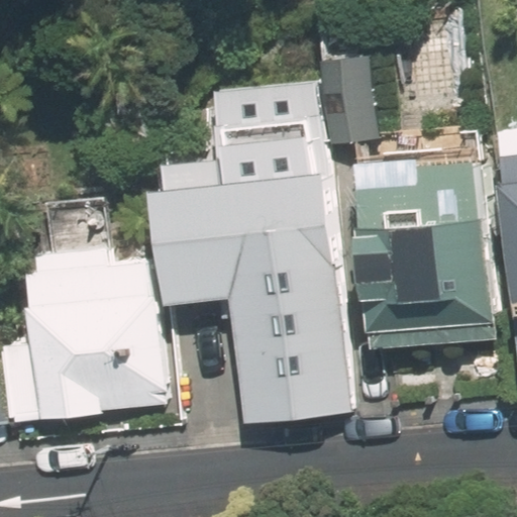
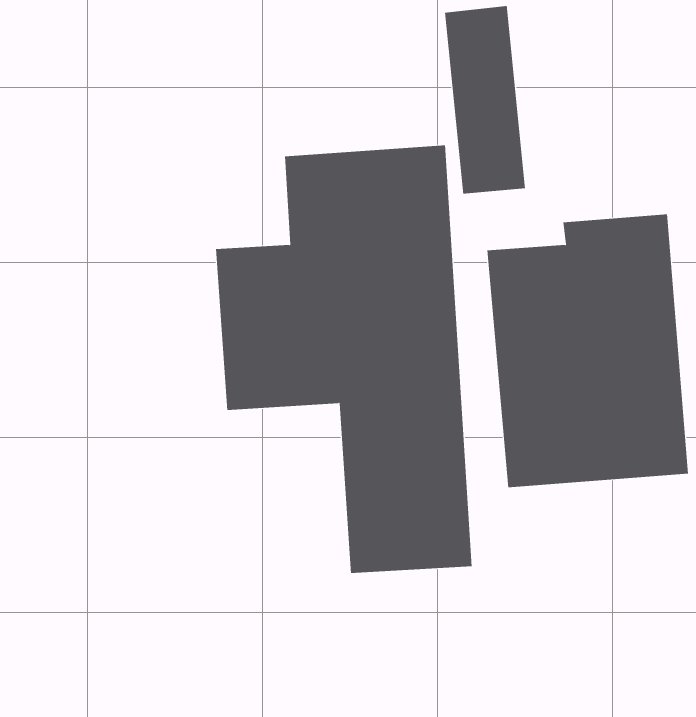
building: [23,237,154,417] -> none

